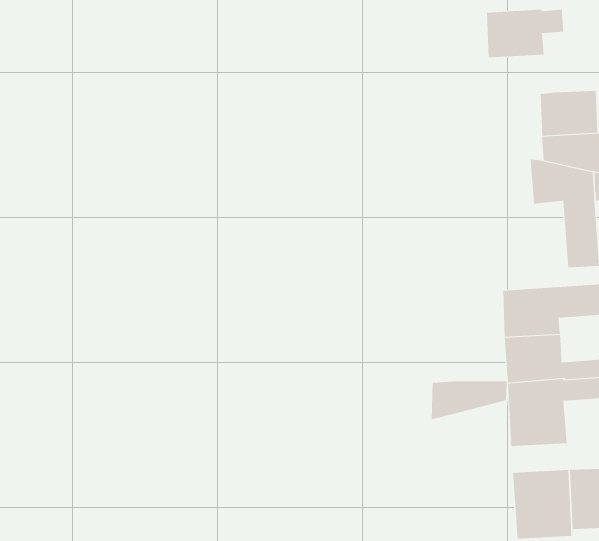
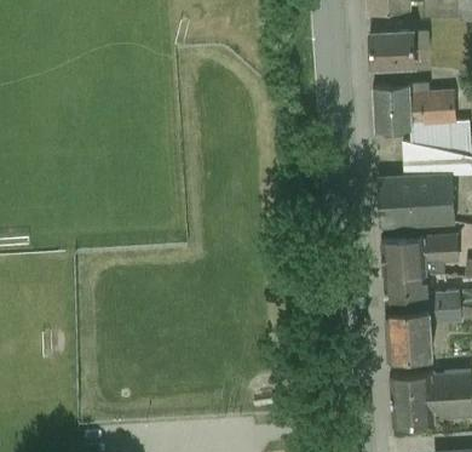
building: none -> [373,85,421,131]
building: none -> [378,174,431,228]
building: [431,381,507,420] -> none

